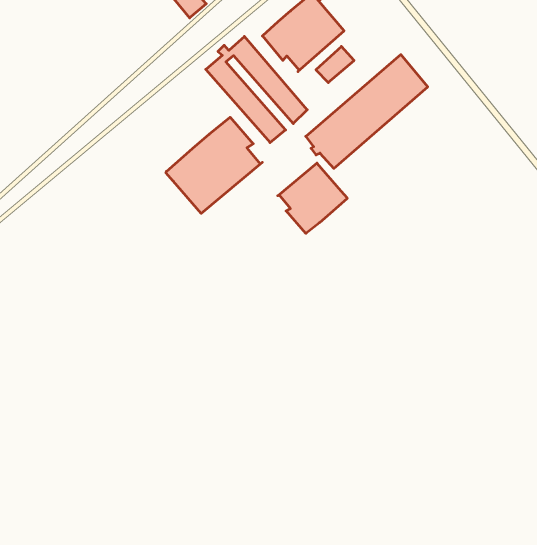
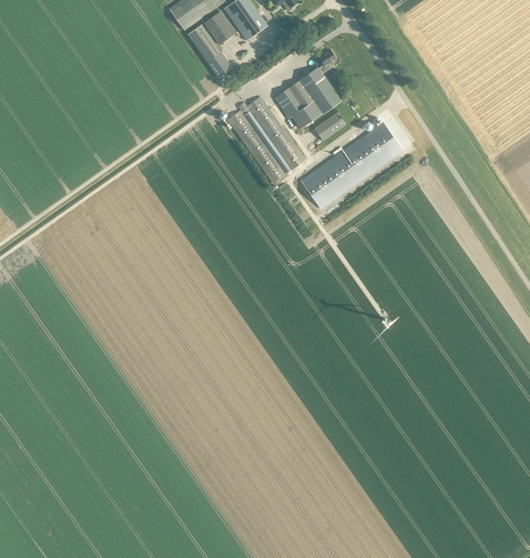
building: [166,117,262,213] -> none
building: [278,163,347,233] -> none

